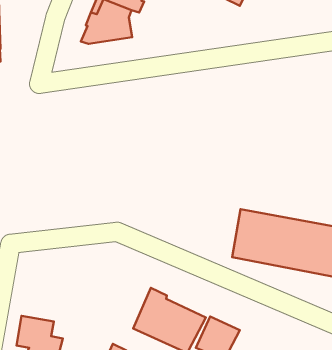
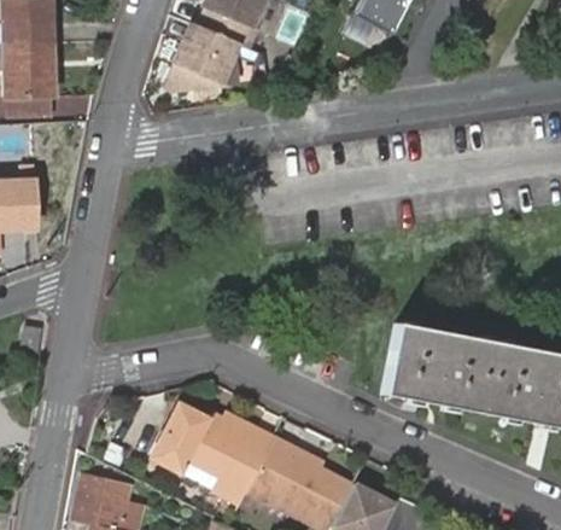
building: none -> [150,410,269,503]

